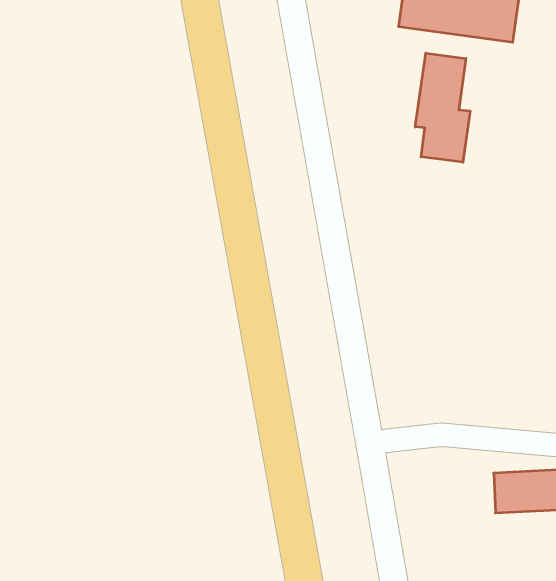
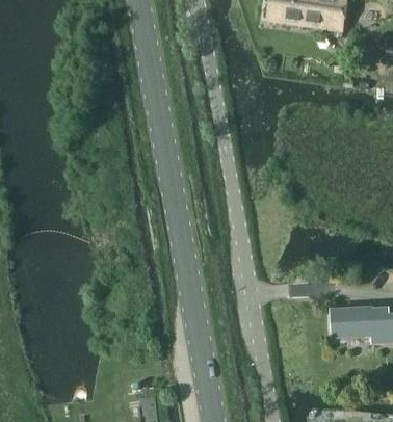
building: [415,53,470,162] -> none

